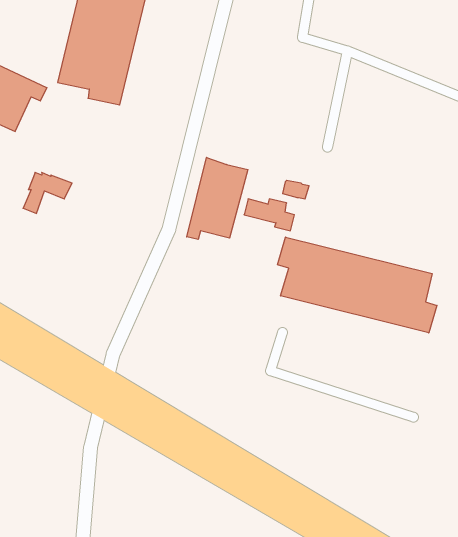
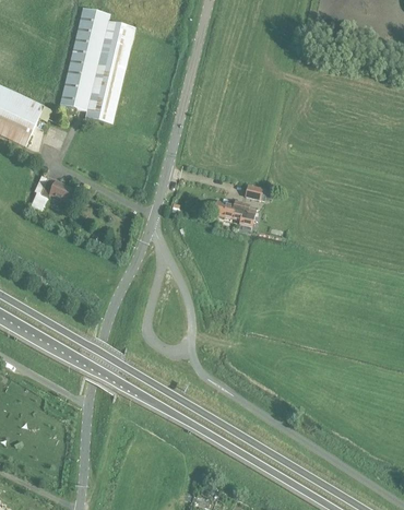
building: [187,157,248,239] -> none
building: [277,237,437,333] -> none

